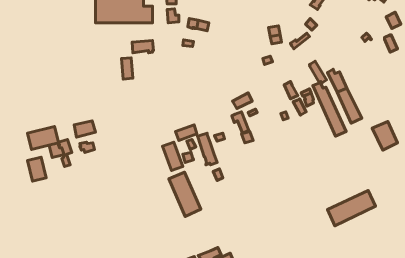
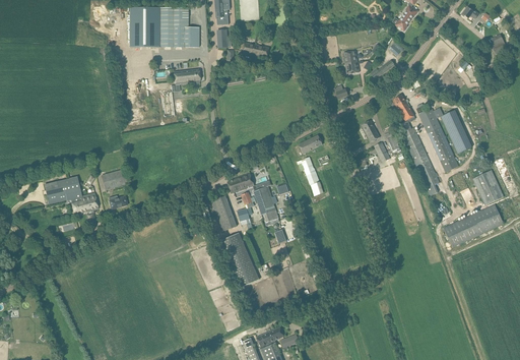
building: none -> [442,110,471,154]
building: [27,157,46,181] -> none
building: [327,191,376,226] -> [444,203,504,247]

